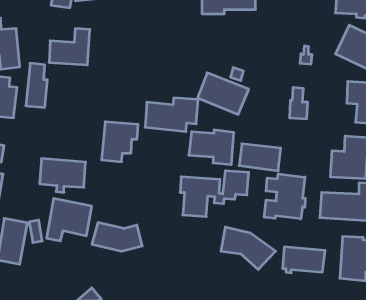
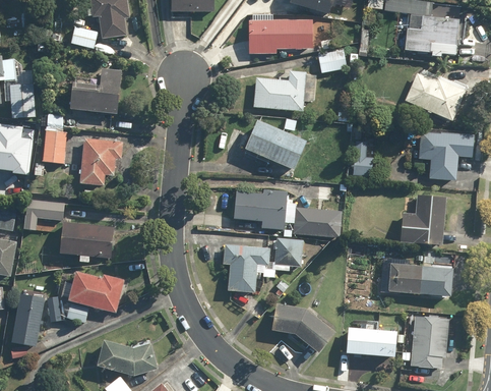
building: none -> [319,50,344,70]
building: [145,98,198,132] -> [254,72,316,112]
building: [102,122,138,162] -> [79,138,122,185]
building: none -> [23,200,64,230]
building: [264,174,305,219] -> none
building: [92,223,142,251] -> [97,341,156,375]

